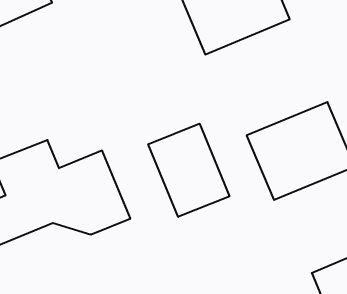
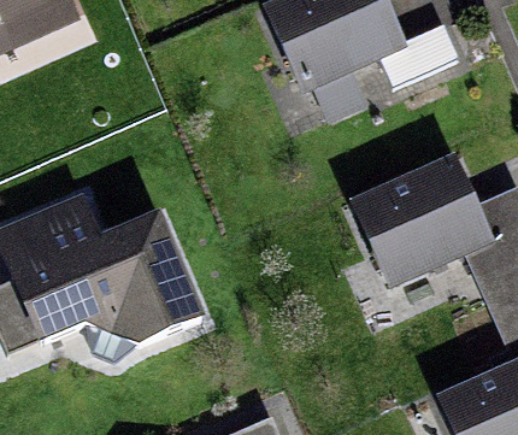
building: [148,124,229,217] -> none

